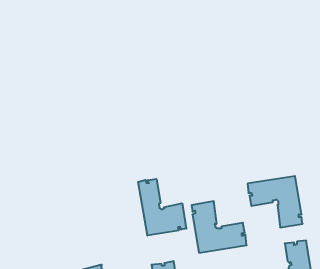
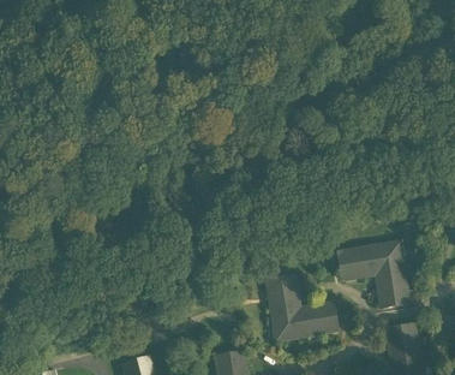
building: [138,179,186,236] -> none

